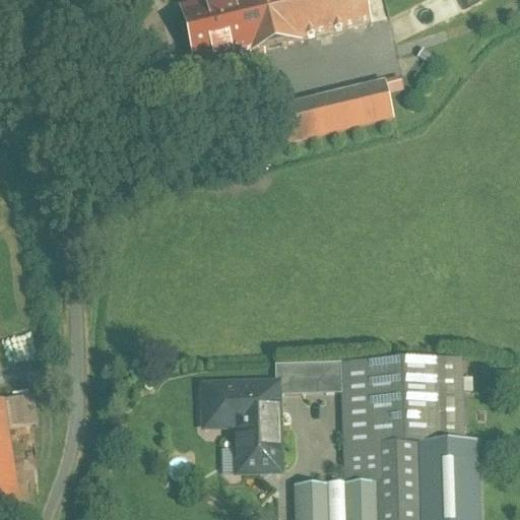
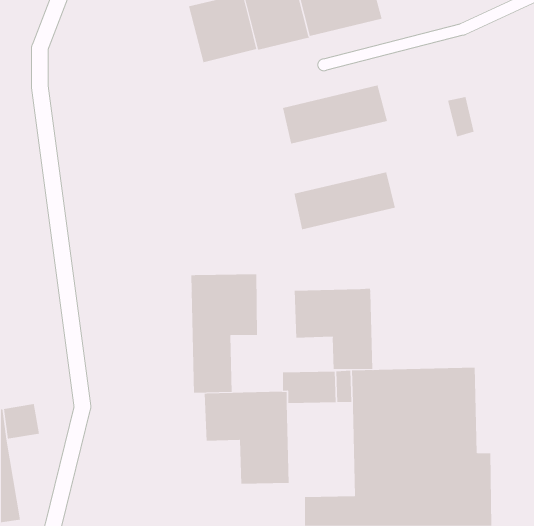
building: [368,78,394,118] -> [447,96,474,137]
building: none -> [294,172,395,230]
building: none -> [191,273,257,393]
building: none -> [294,288,373,370]

